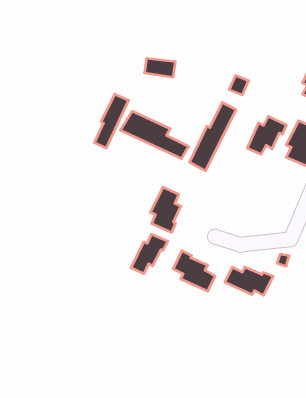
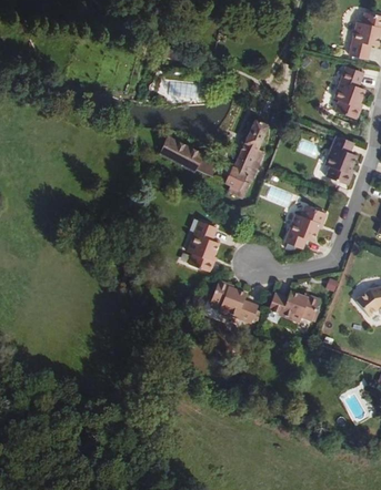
building: [94,94,129,148] -> none
building: [247,116,286,154] -> [285,202,325,243]
building: [131,234,168,274] -> none

